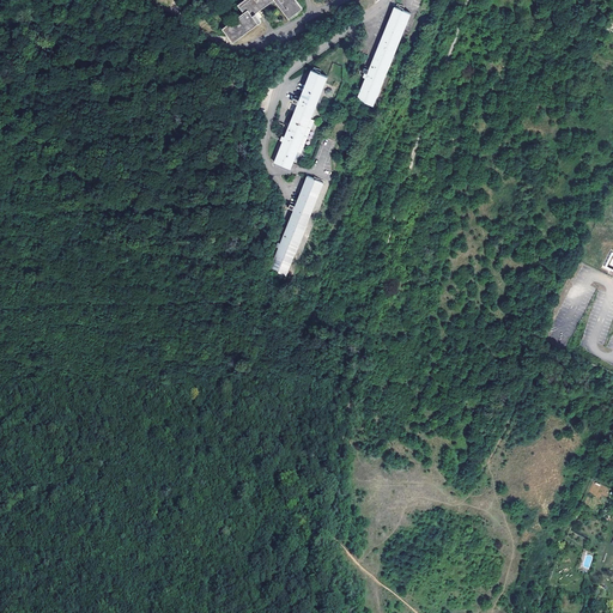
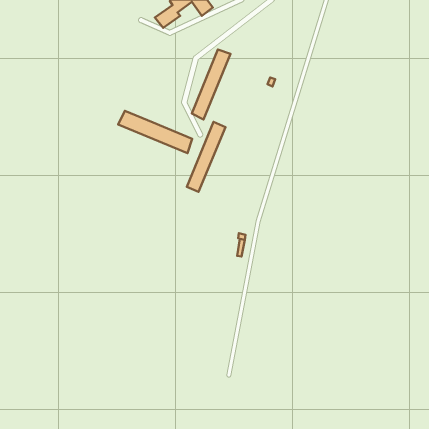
building: [357,5,412,104] -> none
building: none -> [118,111,192,153]

